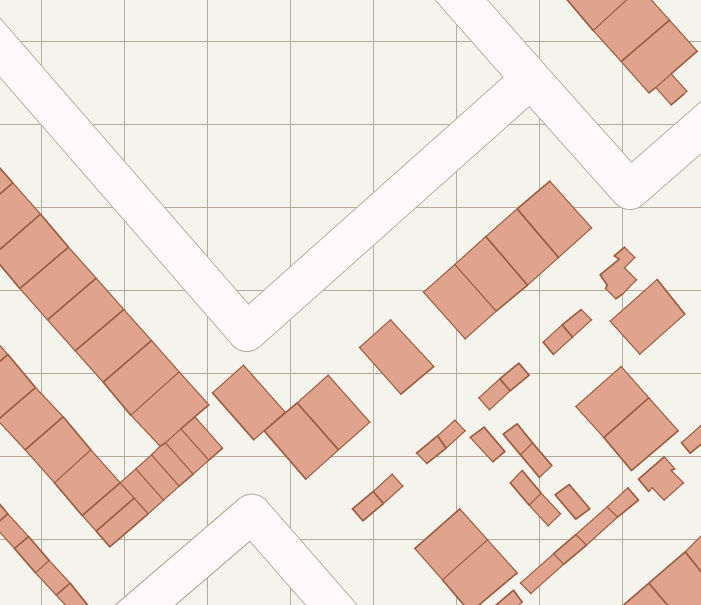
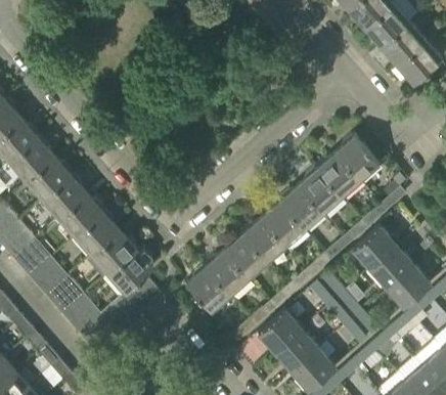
building: [610,280,685,354] -> [353,224,397,268]
building: none -> [261,201,305,245]
building: [212,365,285,440] -> [224,233,267,277]
building: none -> [258,309,302,352]

